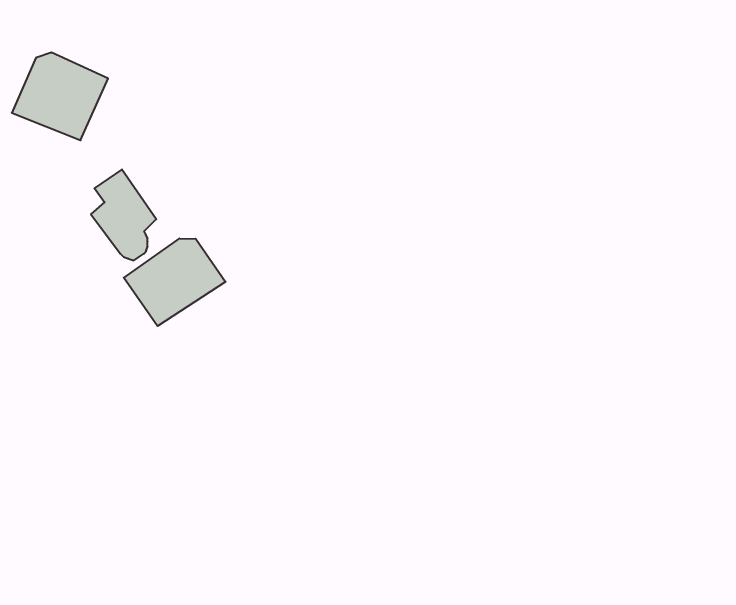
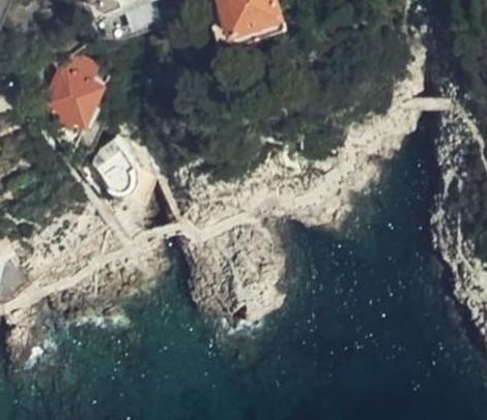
building: [124,238,226,326] -> none

